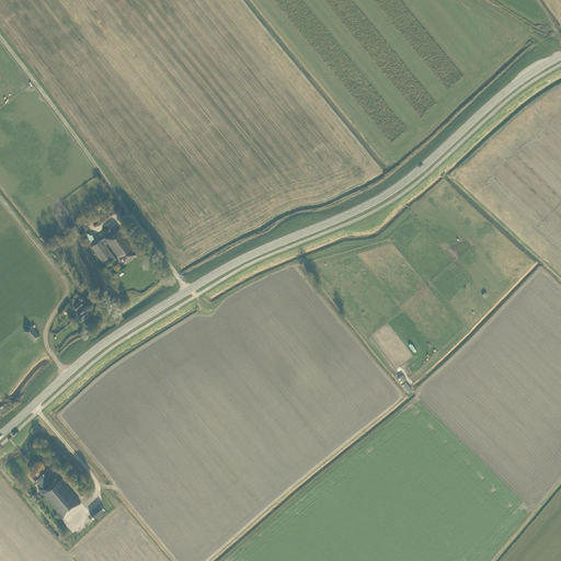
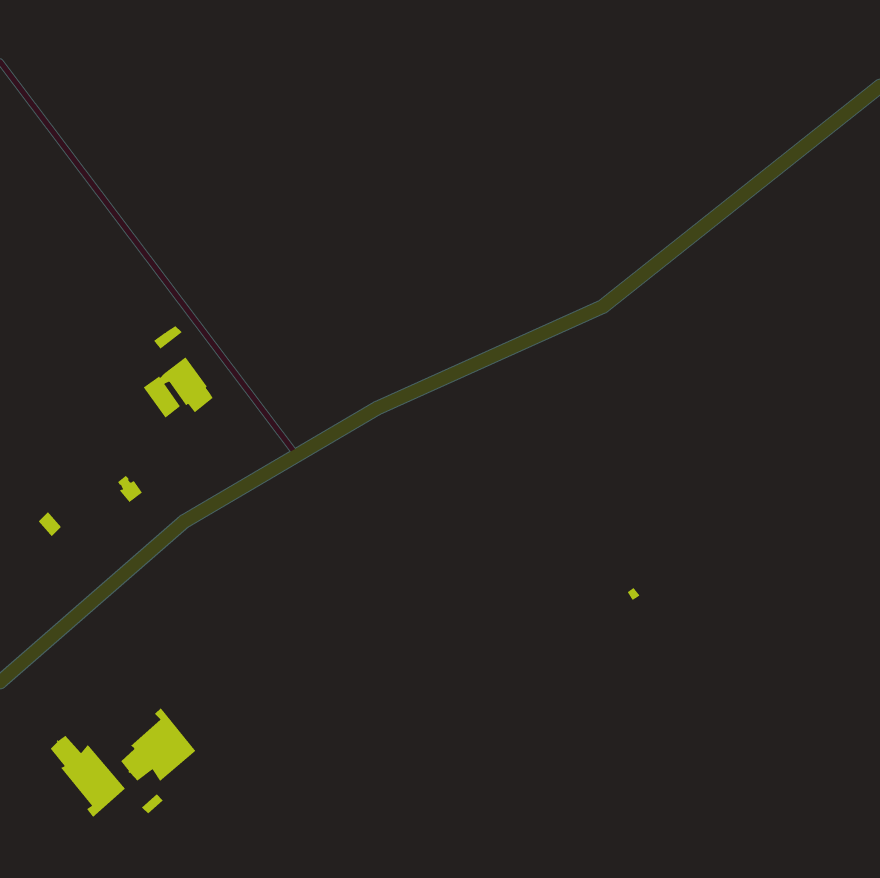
building: none -> [121,708,196,782]

